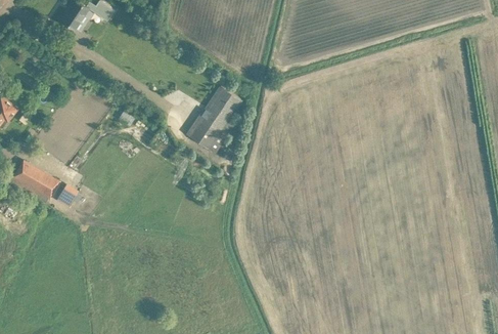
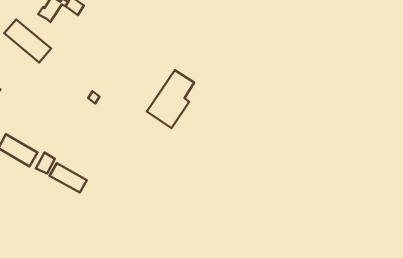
building: none -> [4,19,51,62]
building: none -> [50,163,87,193]

